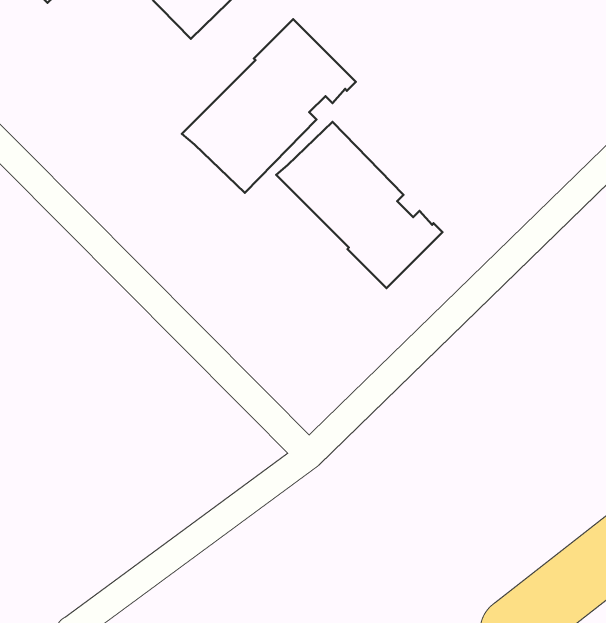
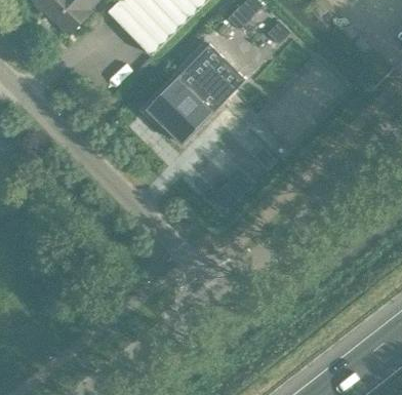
building: [276,122,443,288] -> none

